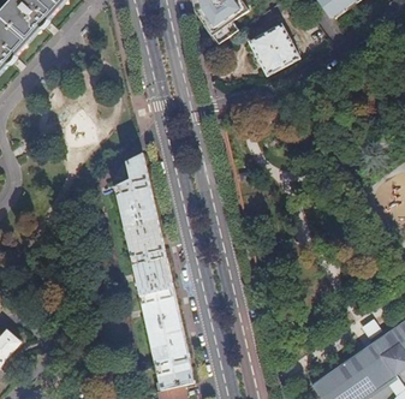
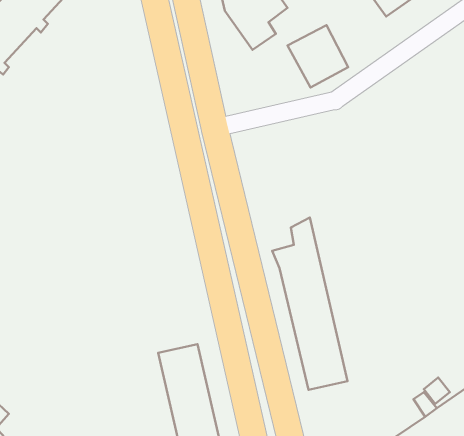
building: [111,153,173,296] -> [272,217,348,390]

